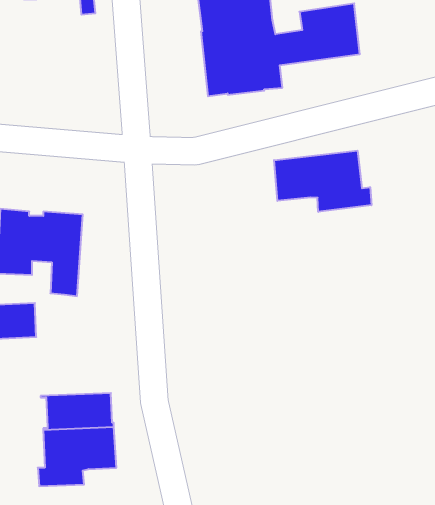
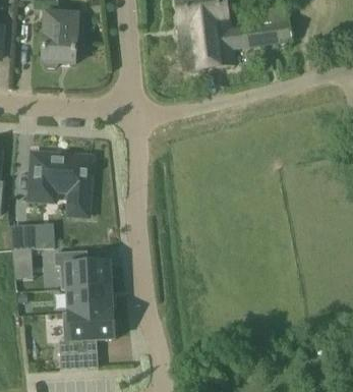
building: none -> [42,10,85,68]
building: [274,151,371,212] -> none
building: none -> [55,250,112,288]

